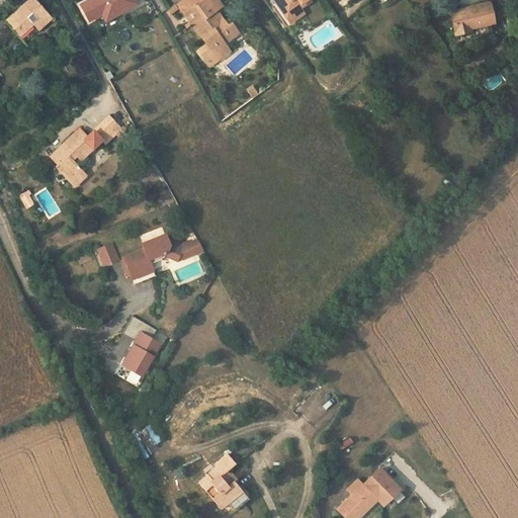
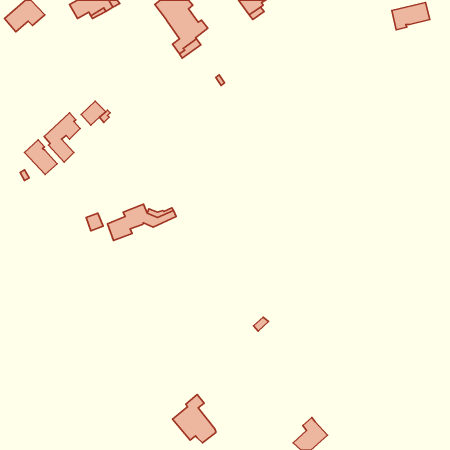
building: none -> [25,140,57,175]
building: [121,316,162,377] -> none
building: [362,468,400,505] -> none

